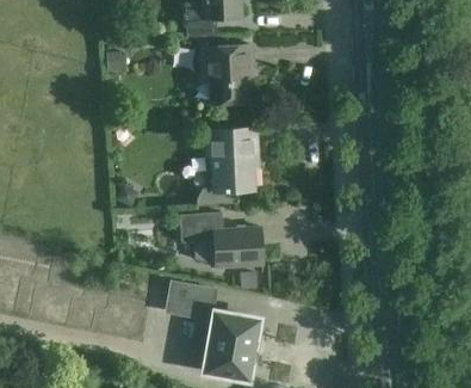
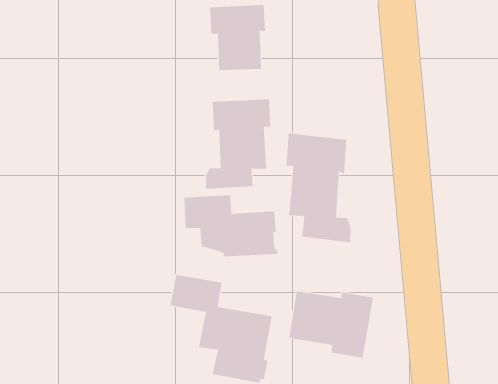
building: none -> [286,133,351,243]
building: none -> [289,290,373,359]

